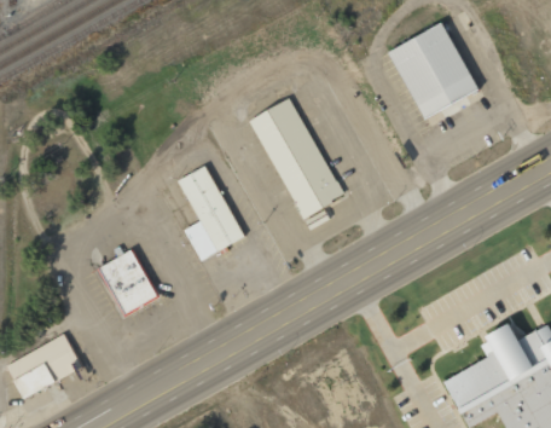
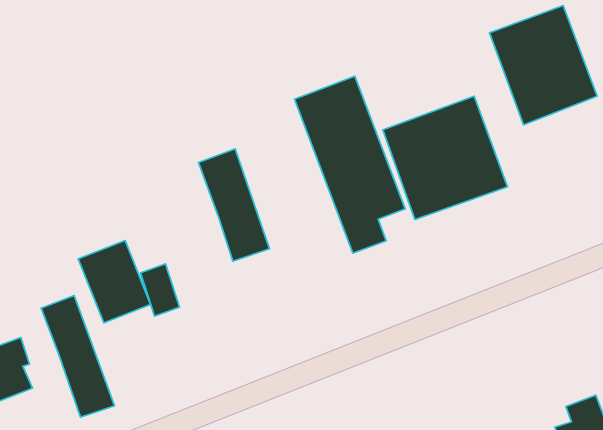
building: none -> [383,96,508,220]
building: [184,221,217,262] -> [140,264,180,316]
building: none -> [41,295,115,417]

